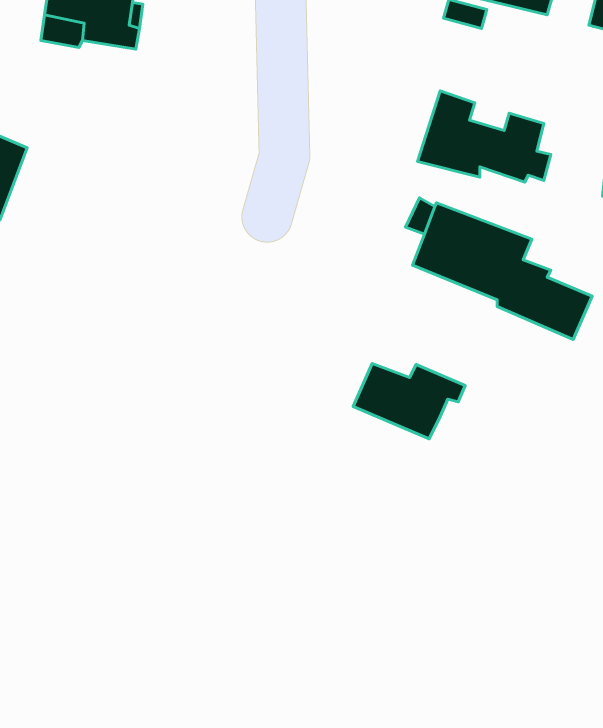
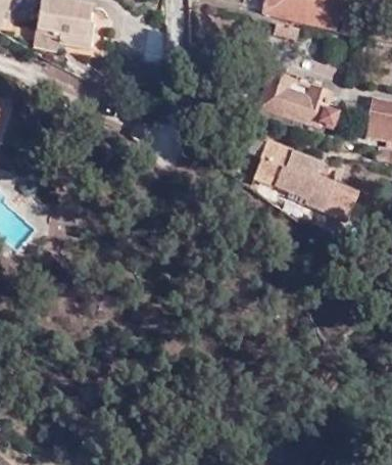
building: [353,363,465,439] -> none

